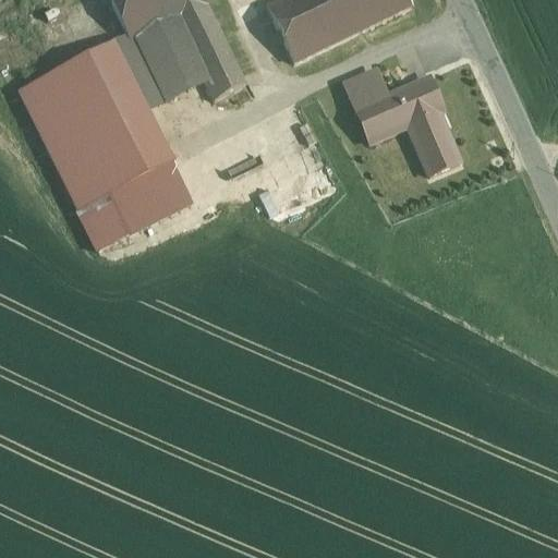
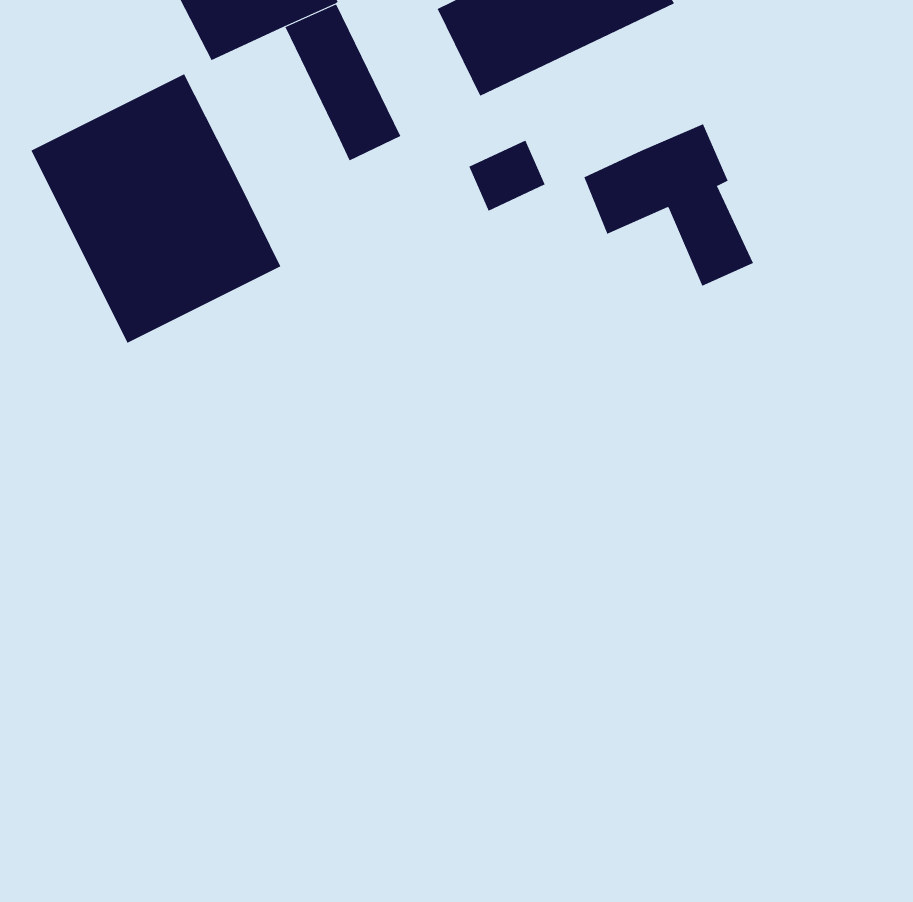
building: [112,16,205,111] -> none
building: [343,64,390,108] -> [469,140,546,211]
building: [77,162,192,250] -> none

